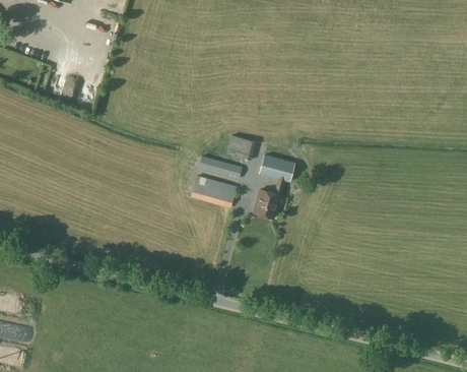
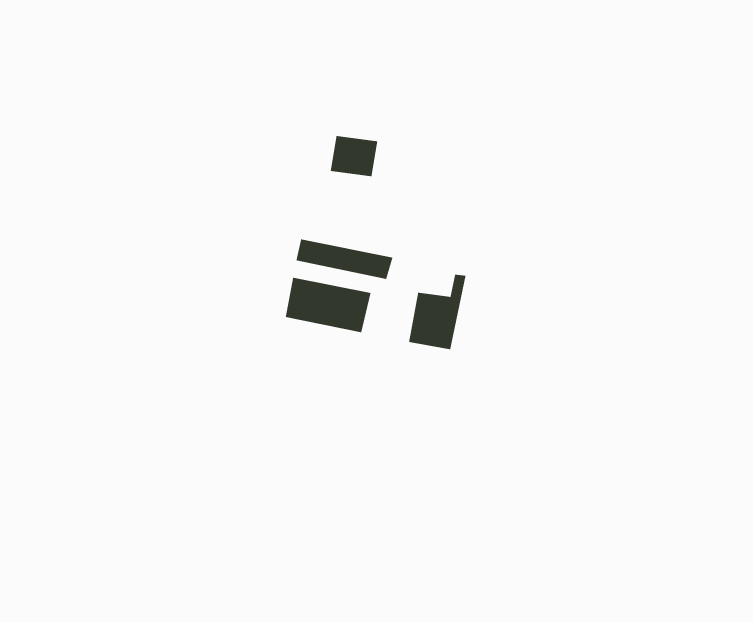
building: [225,136,251,159] -> [330,135,378,177]
building: [260,154,296,183] -> none

